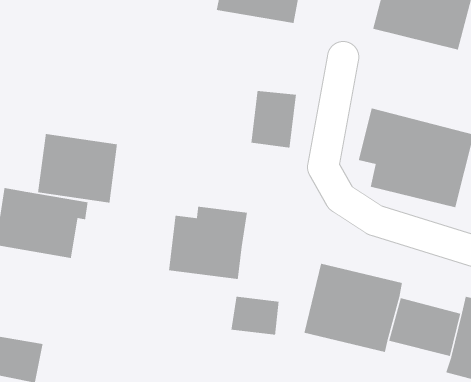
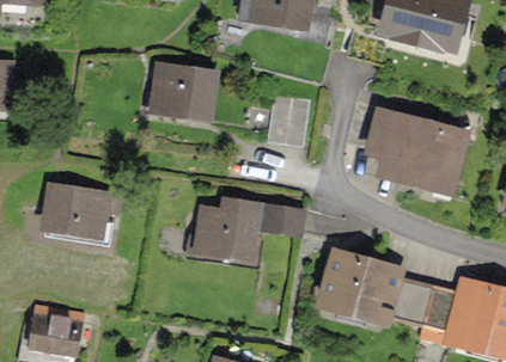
building: [37,133,118,204] -> [147,60,220,123]
building: [231,296,280,336] -> [261,201,305,237]

